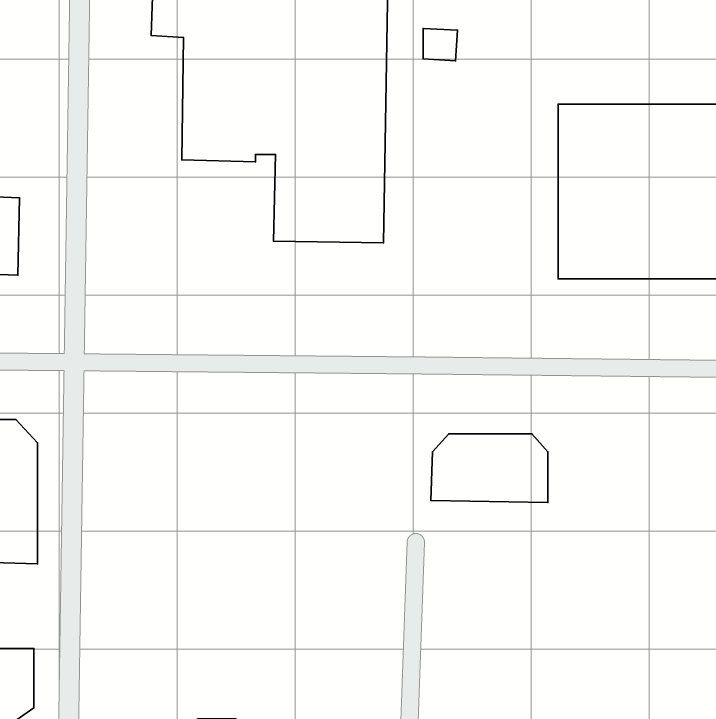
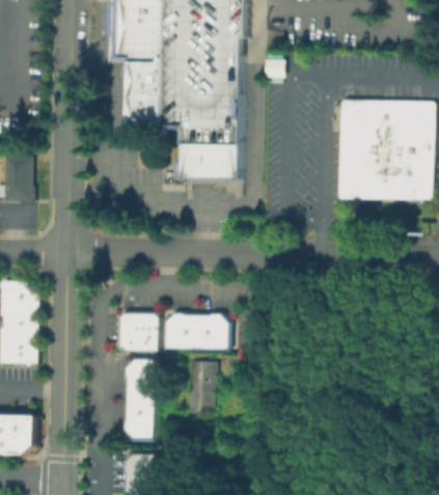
building: [431,434,548,502] -> [161,309,228,349]
building: none -> [113,309,157,354]
building: none -> [125,357,155,439]
building: none -> [190,362,215,414]

